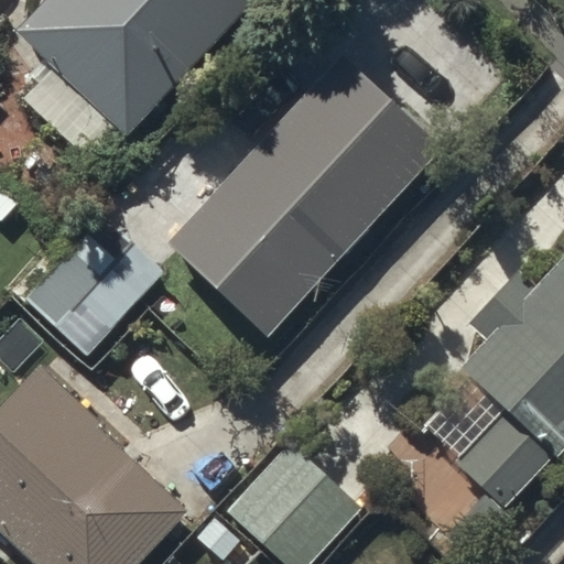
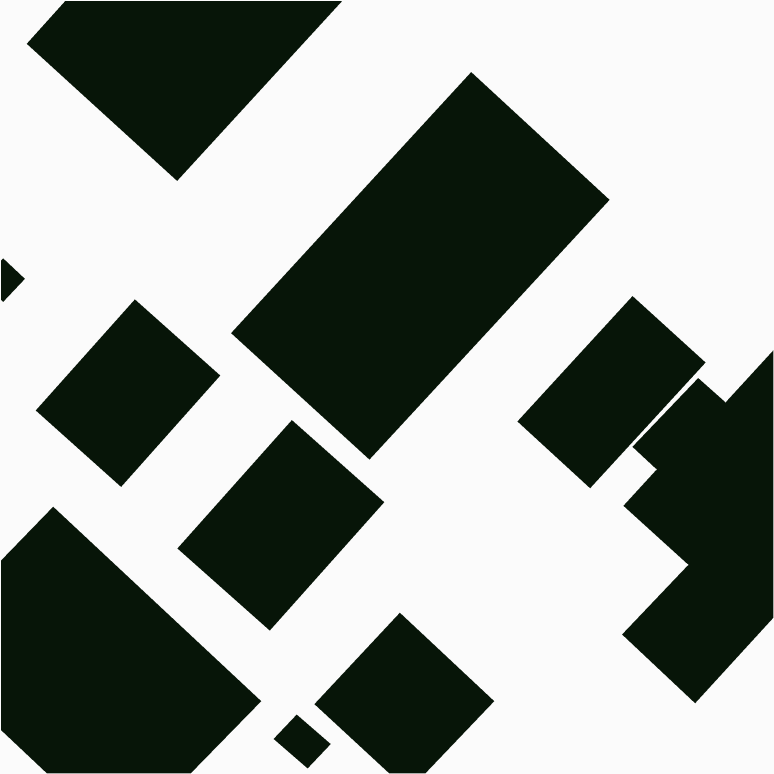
building: none -> [516,295,706,489]
building: none -> [176,419,385,631]

